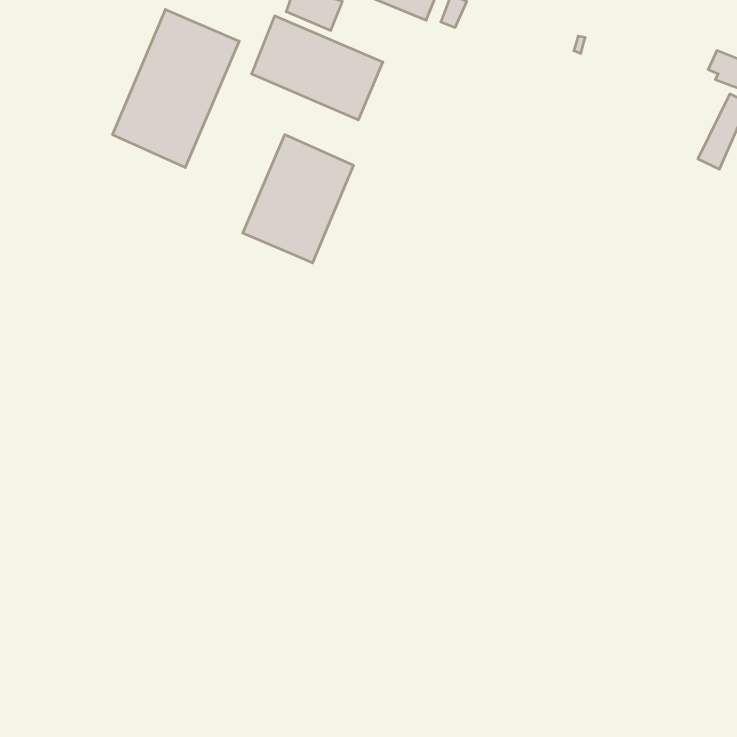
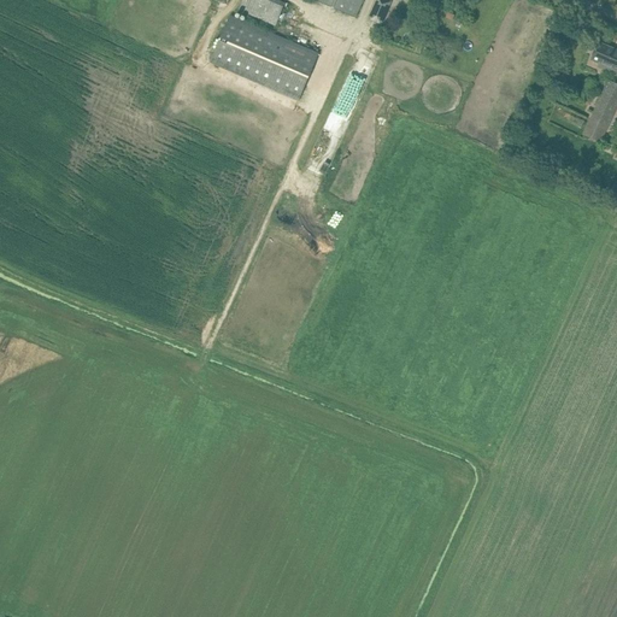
building: [113,9,239,168] -> none
building: [243,135,353,263] -> none

